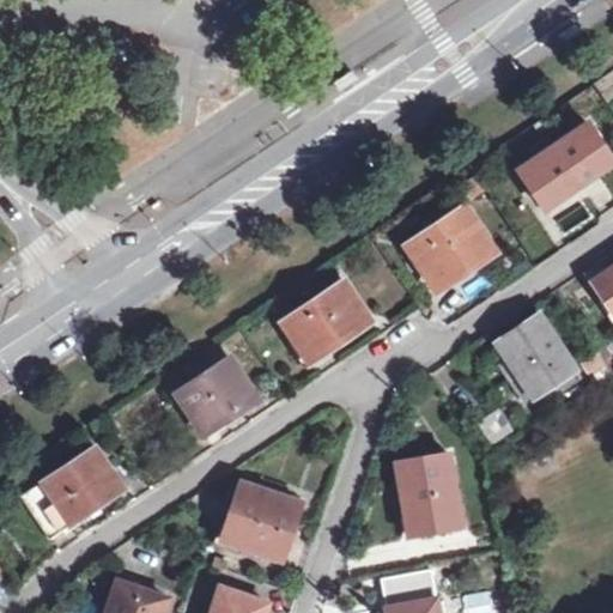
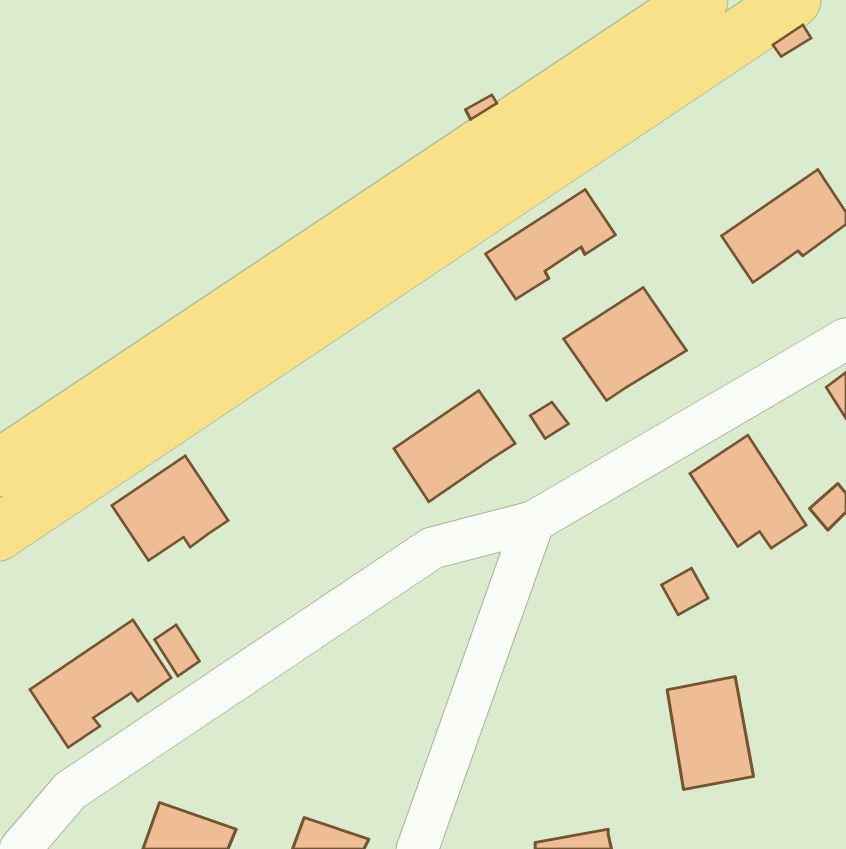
building: none -> [486,189,616,299]
building: [176,357,260,432] -> [112,456,228,560]
building: [396,455,459,536] -> [667,677,753,790]
building: [221,482,299,559] -> none

